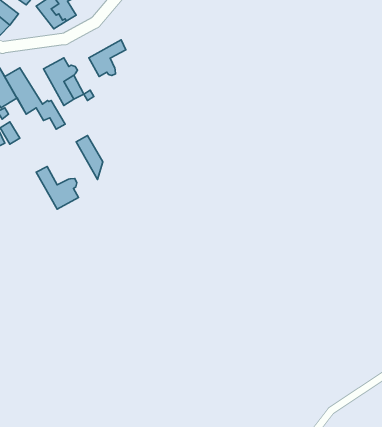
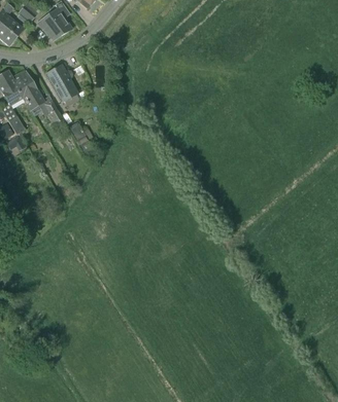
building: [89,40,126,77] -> none
building: [36,167,78,209] -> none

